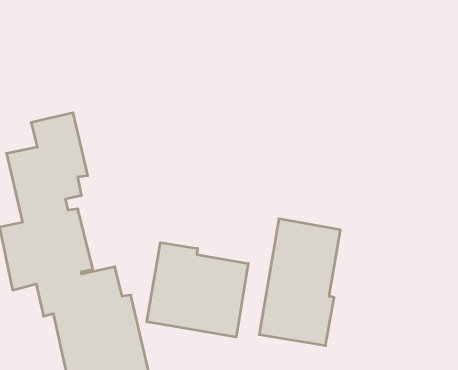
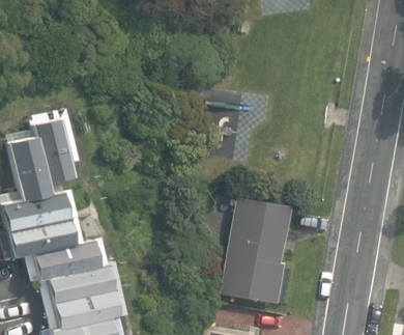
building: [147,243,248,337] -> none

